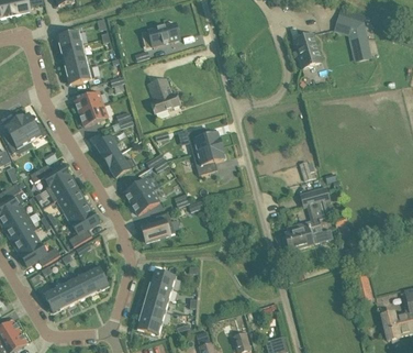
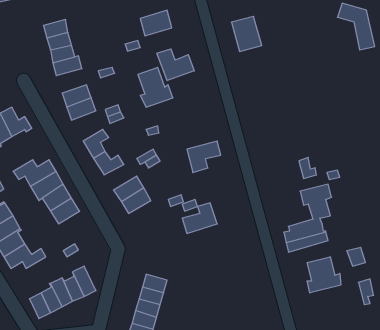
building: [293,34,322,67] -> [231,16,262,51]
building: none -> [157,49,194,81]
building: [187,128,222,153] -> none
building: [69,211,99,246] -> none
building: [142,212,175,241] -> [182,203,217,233]
building: none -> [307,257,341,293]

